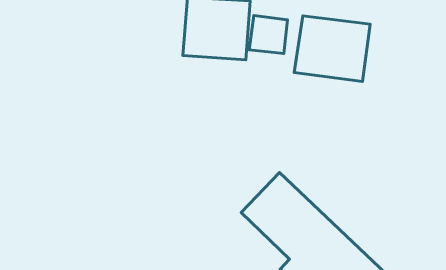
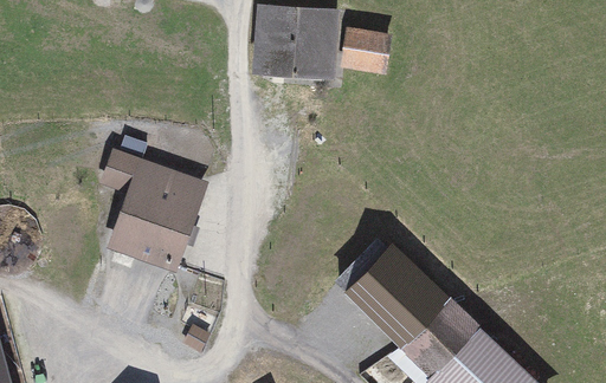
building: [294,16,370,81] -> none
building: none -> [98,150,208,273]

